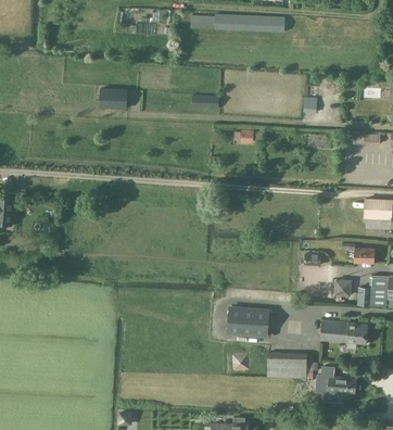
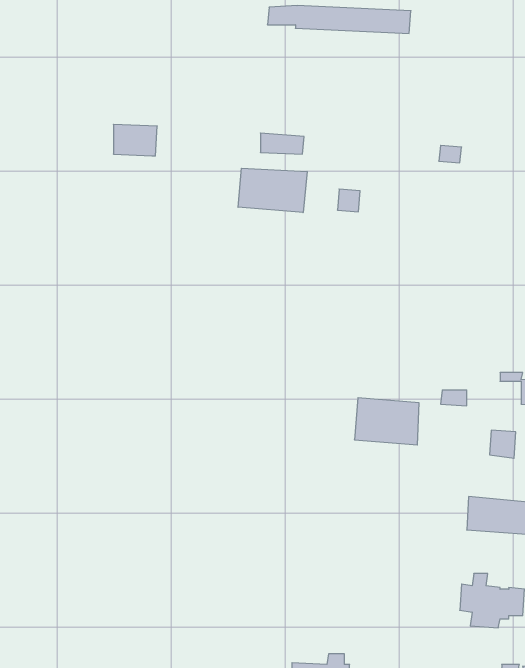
building: none -> [238,168,307,213]
building: [227,307,267,337] -> [354,398,419,445]
building: [266,353,312,378] -> none

